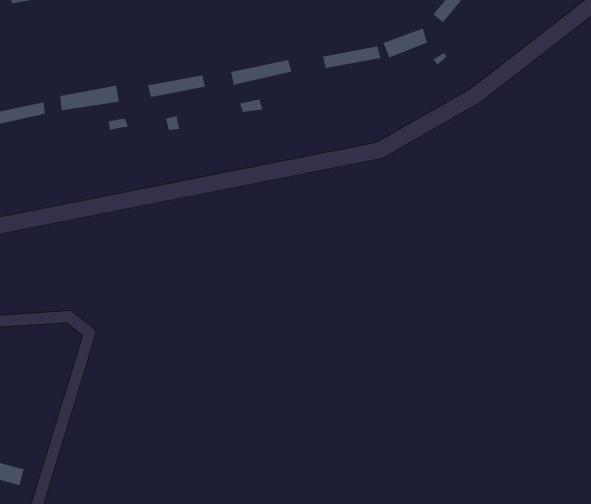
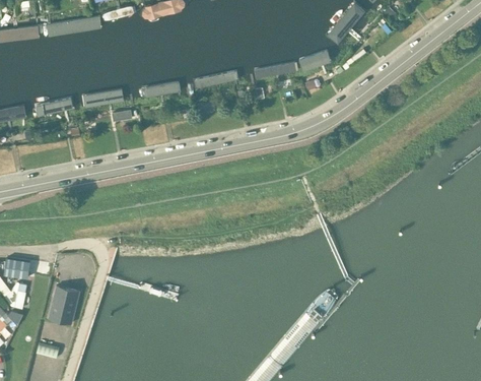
building: none -> [47,283,77,321]

